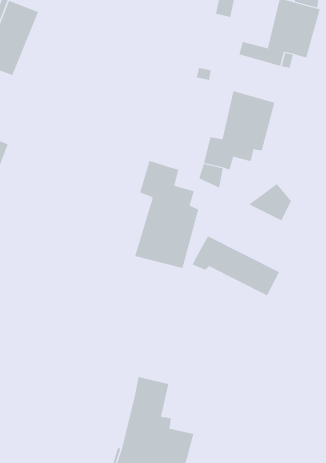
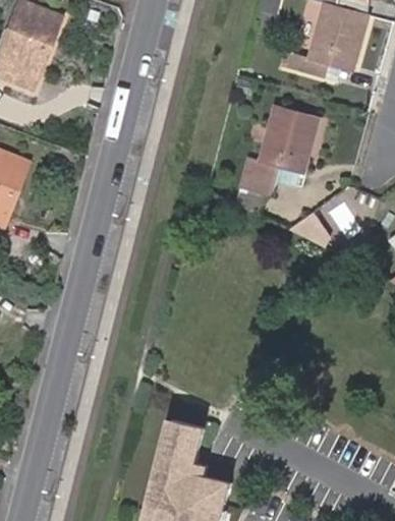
building: [134,160,199,269] -> none
building: [192,236,280,296] -> none

